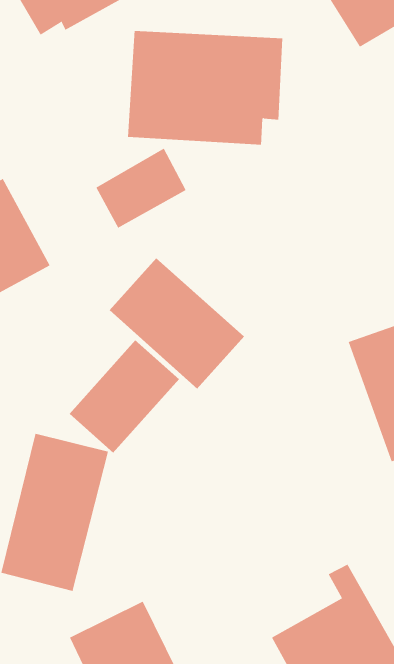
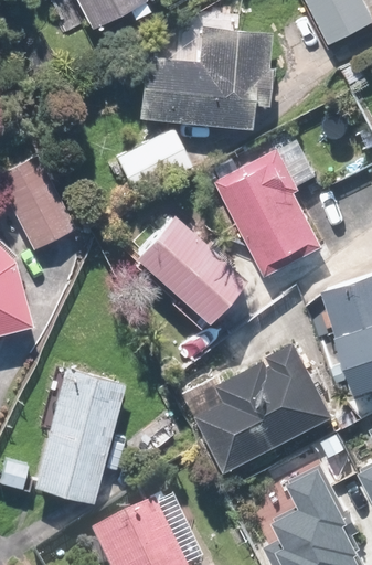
building: none -> [219,148,325,276]
building: [69,339,180,453] -> none
building: none -> [196,344,333,472]

